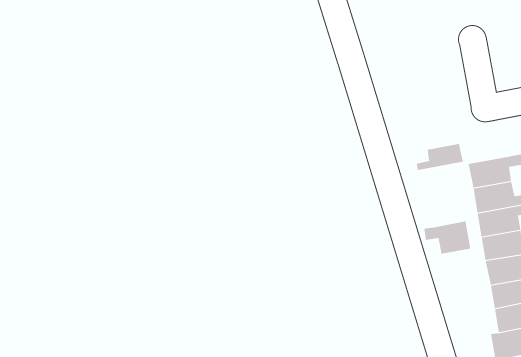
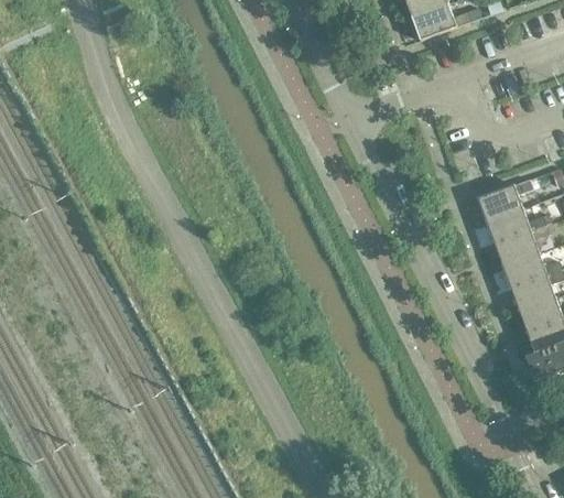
building: [416,143,463,171] -> none
building: [424,220,471,255] -> none

